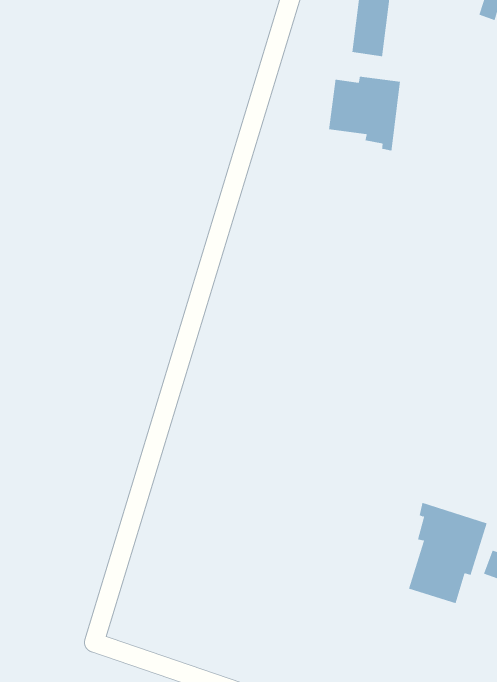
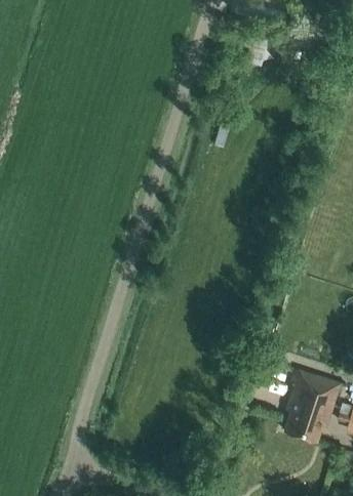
building: [329,76,401,152] -> none

